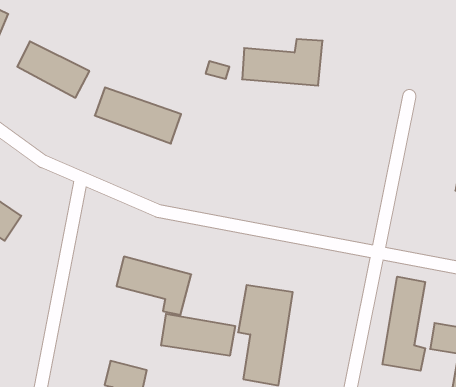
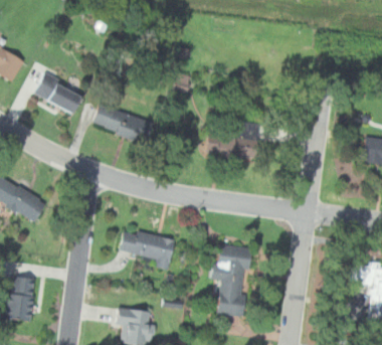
building: [242,39,323,86] -> [205,124,262,157]
building: [382,277,425,371] -> none
building: [161,314,235,356] -> none

